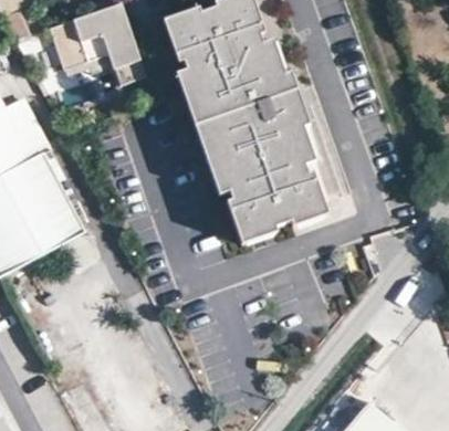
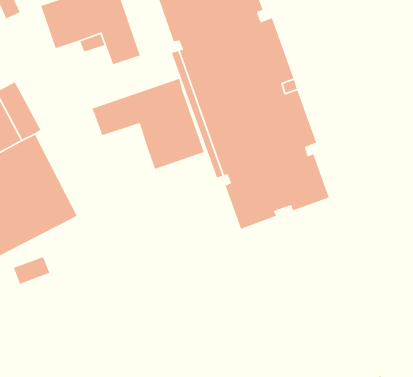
building: none -> [91,78,205,170]

